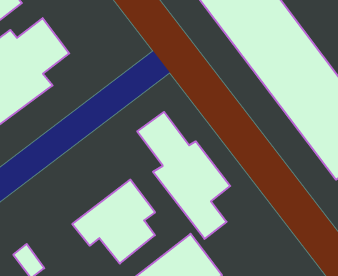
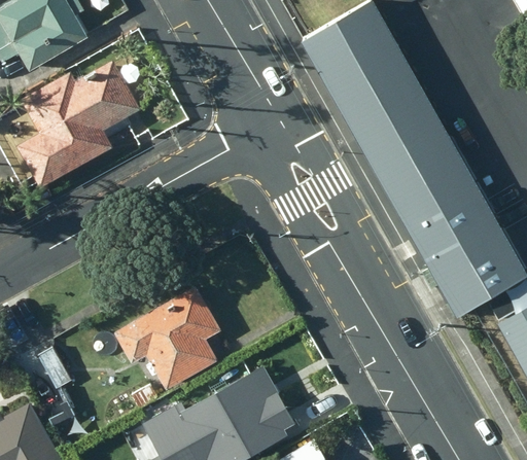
building: [137,112,230,239] -> none

